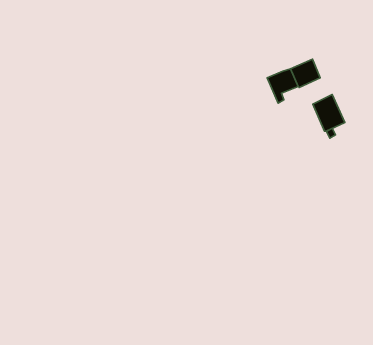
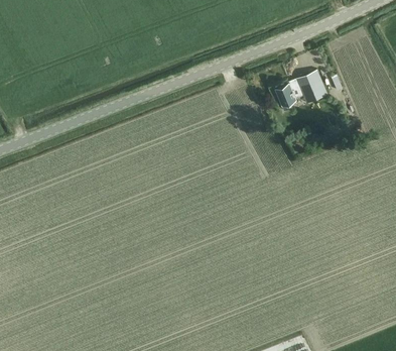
building: [313,95,345,131] -> none

